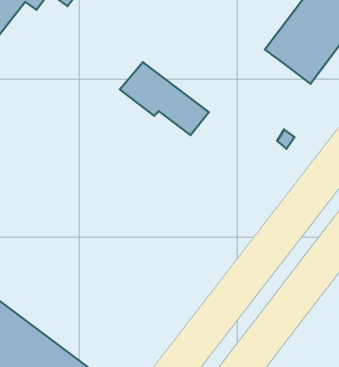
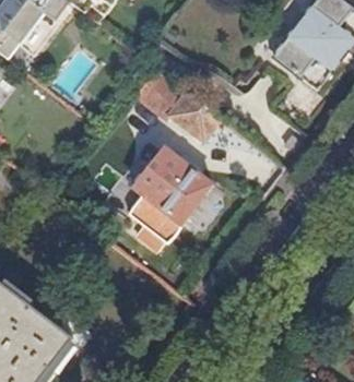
building: none -> [130,148,211,242]

